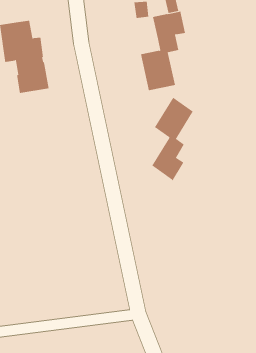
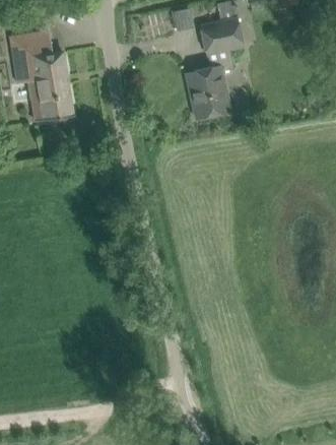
building: [152,97,194,181] -> none

